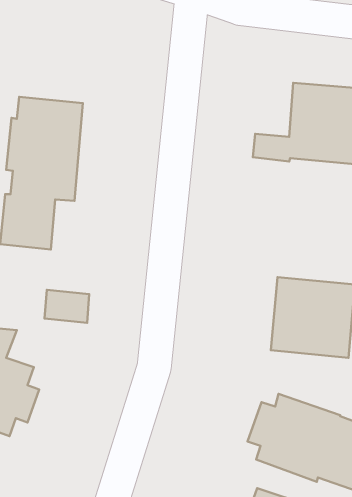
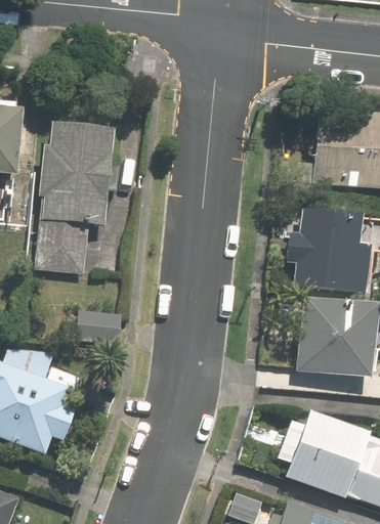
building: none -> [285,207,370,291]

